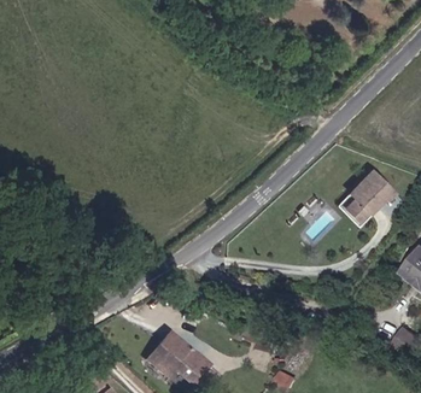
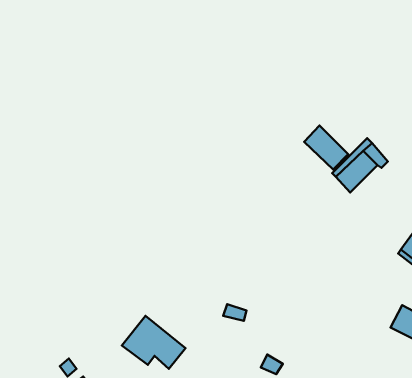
building: none -> [304,125,348,169]

